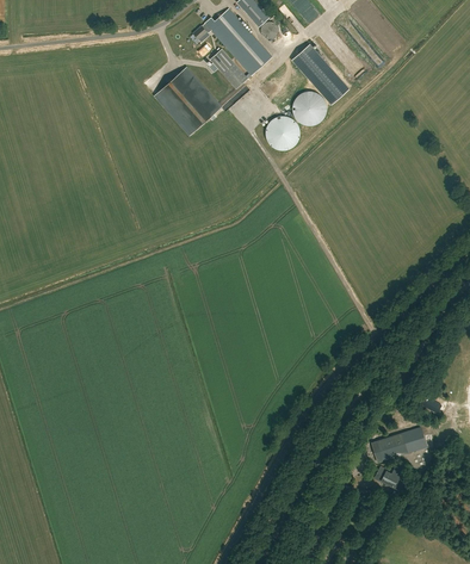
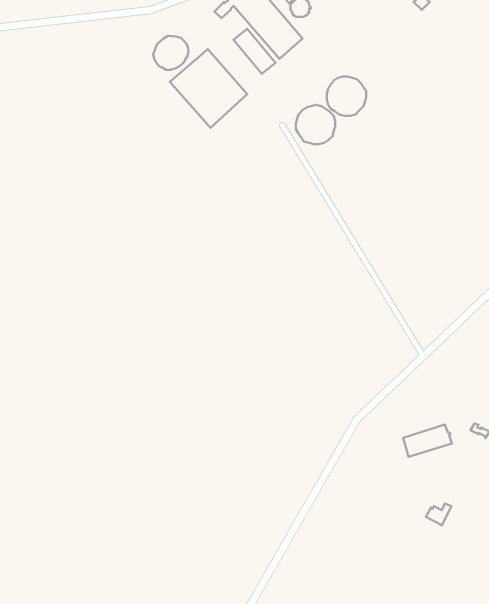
building: [292,43,350,104] -> none
building: none -> [153,36,189,70]
building: [378,430,421,459] -> [403,424,452,457]

